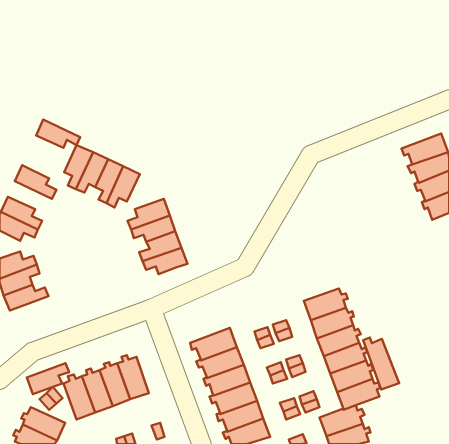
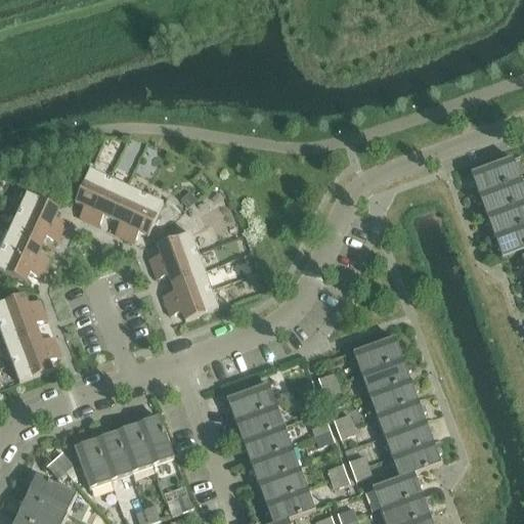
building: [36,120,80,148] -> [9,211,60,244]
building: [363,337,399,390] -> none
building: [27,363,69,394] -> [11,345,60,381]

